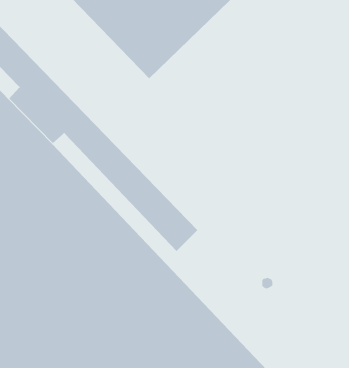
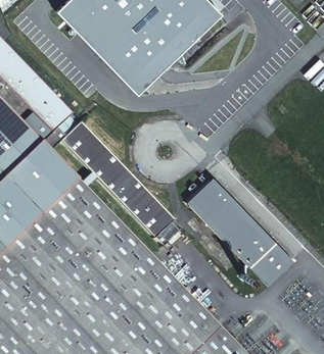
building: none -> [187,179,294,287]

